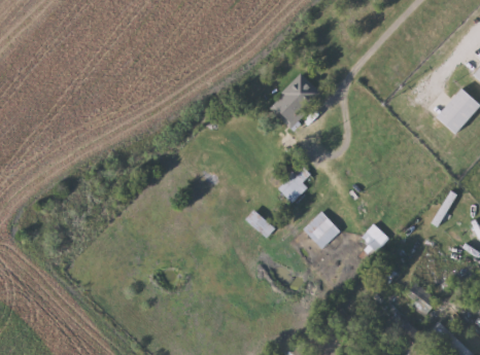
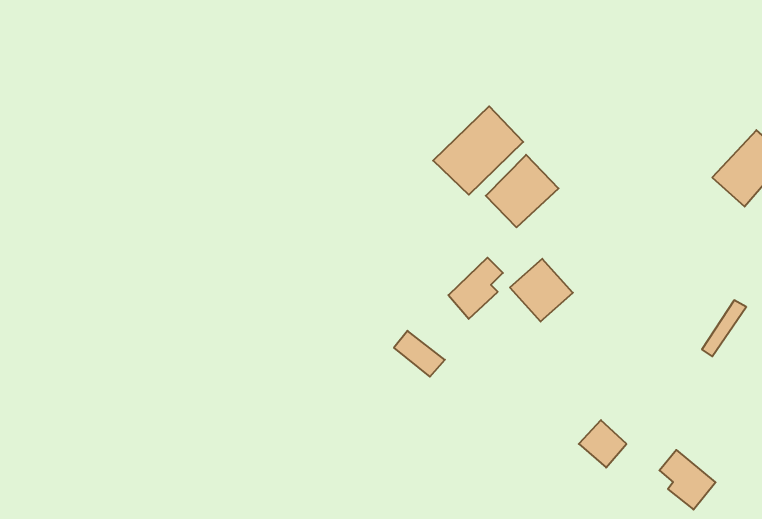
building: none -> [486,155,559,227]
building: [302,211,340,249] -> [510,259,573,322]
building: [359,224,388,253] -> [579,420,626,468]

